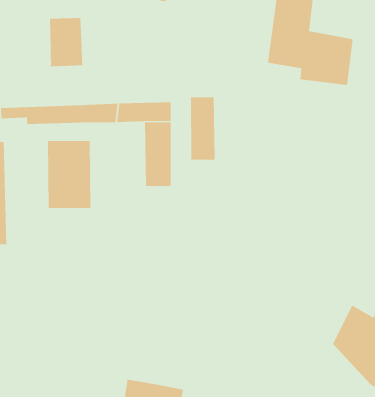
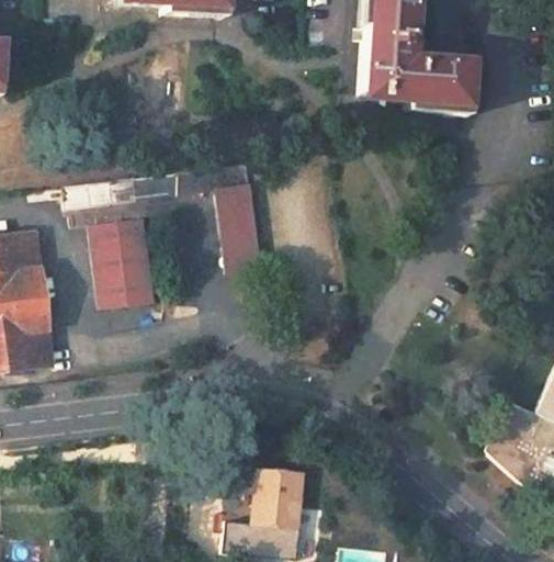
building: [50,17,83,67] -> none
building: [190,97,215,161] -> none
building: none -> [245,472,302,526]

